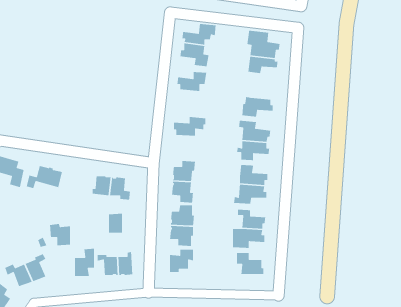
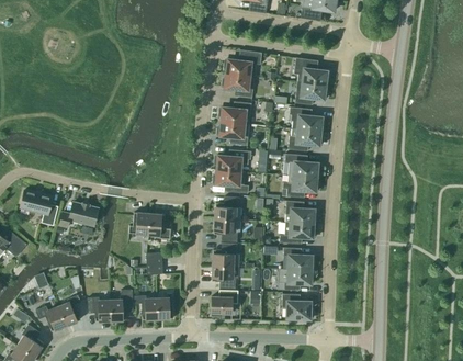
building: none -> [290,108,325,132]
building: none -> [218,122,250,145]
building: none -> [214,170,249,193]
building: [49,223,71,246] -> [88,297,111,321]

